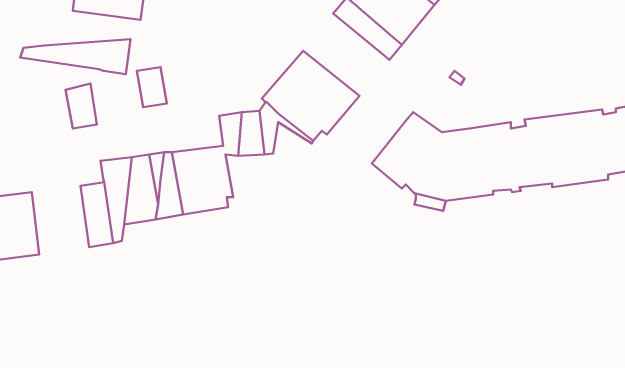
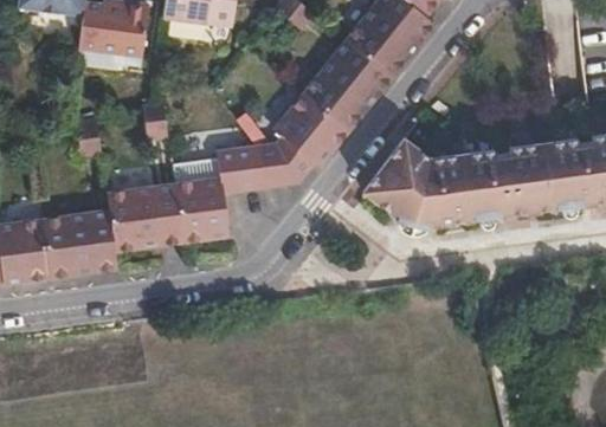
building: none -> [297,50,379,128]
building: [20,39,130,74] -> none
building: none -> [40,213,95,278]

